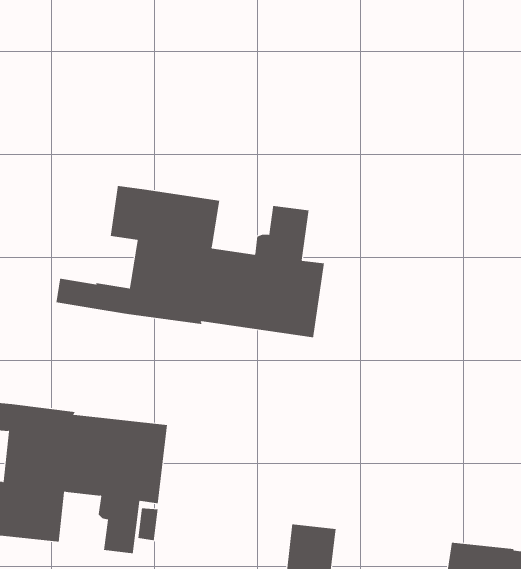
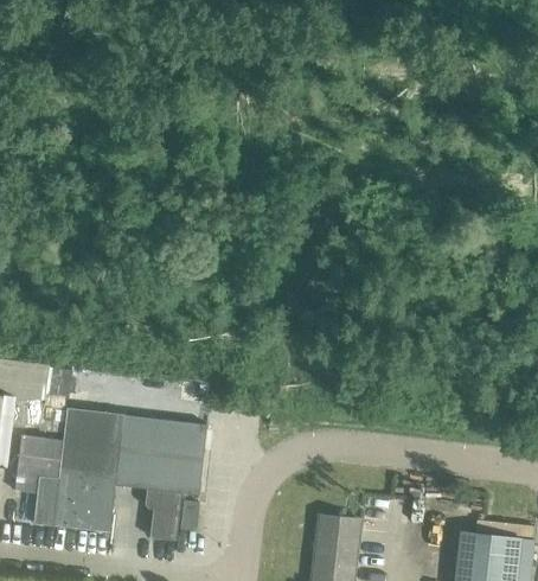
building: [56,185,324,338] -> none

